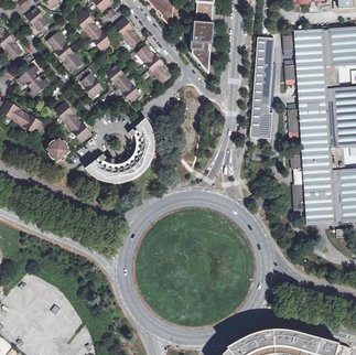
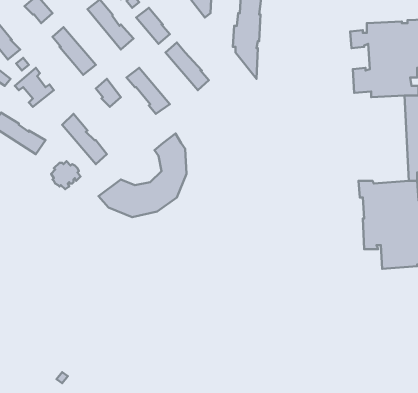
building: [249,36,274,138] -> none
building: [287,87,328,157] -> none

